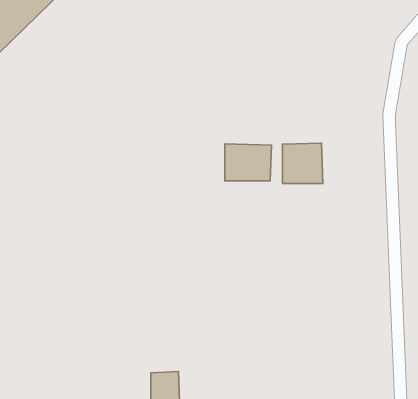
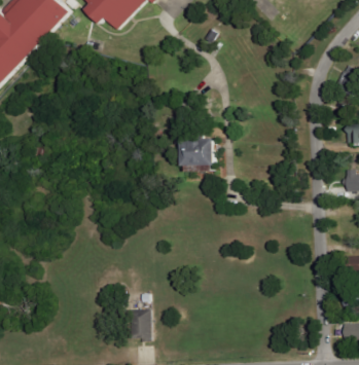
building: [282,143,323,183] -> none

